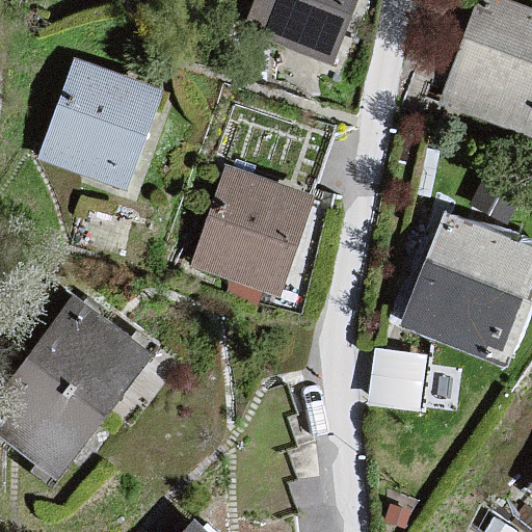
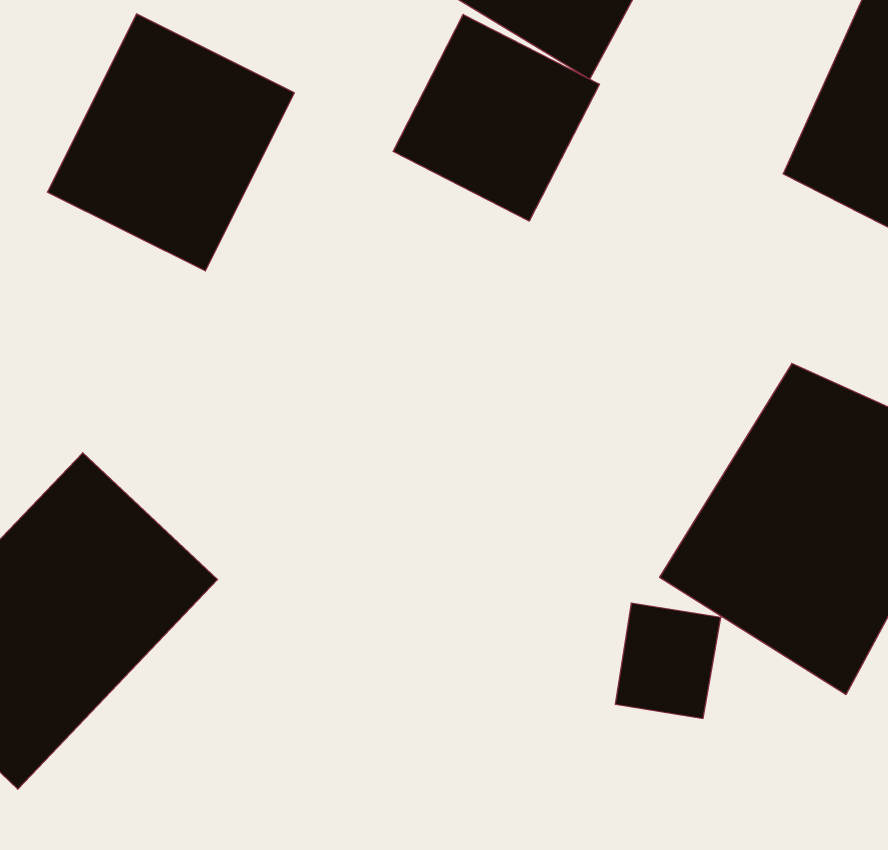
building: none -> [393,14,599,221]
building: [174,158,325,313] -> none

